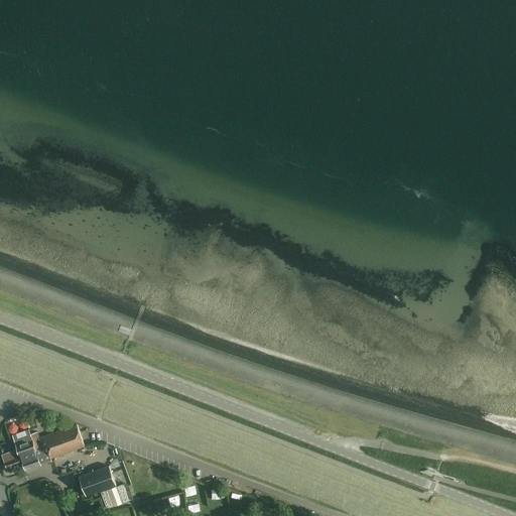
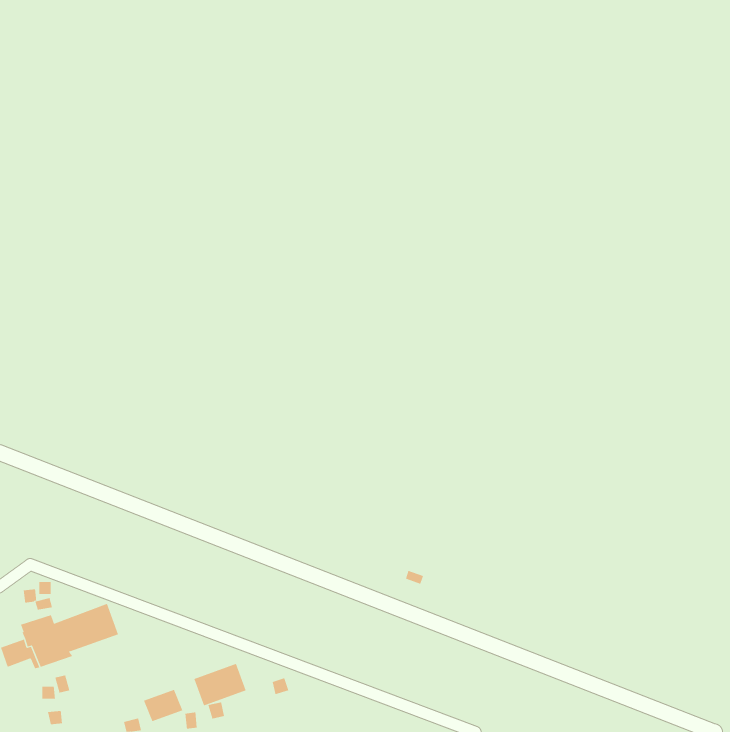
building: [78,466,115,496] -> [194,663,247,706]

